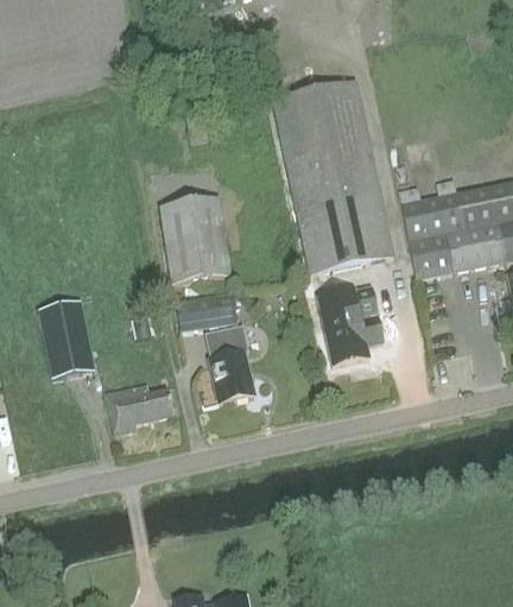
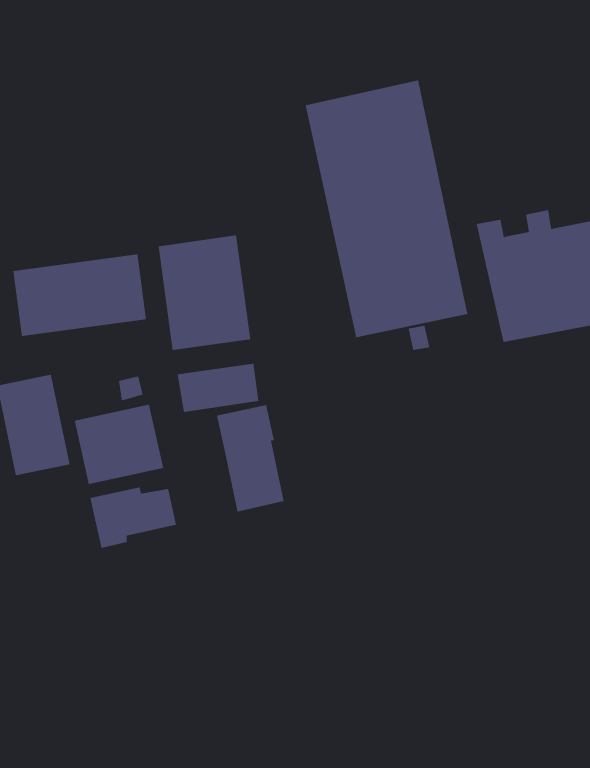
building: none -> [13,253,147,337]
building: [319,287,379,363] -> none
building: none -> [74,404,164,485]

